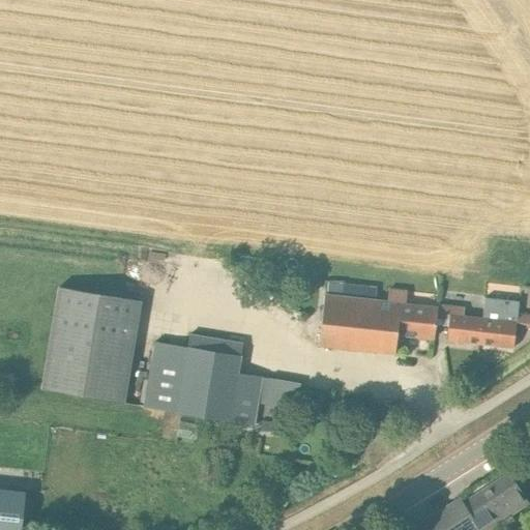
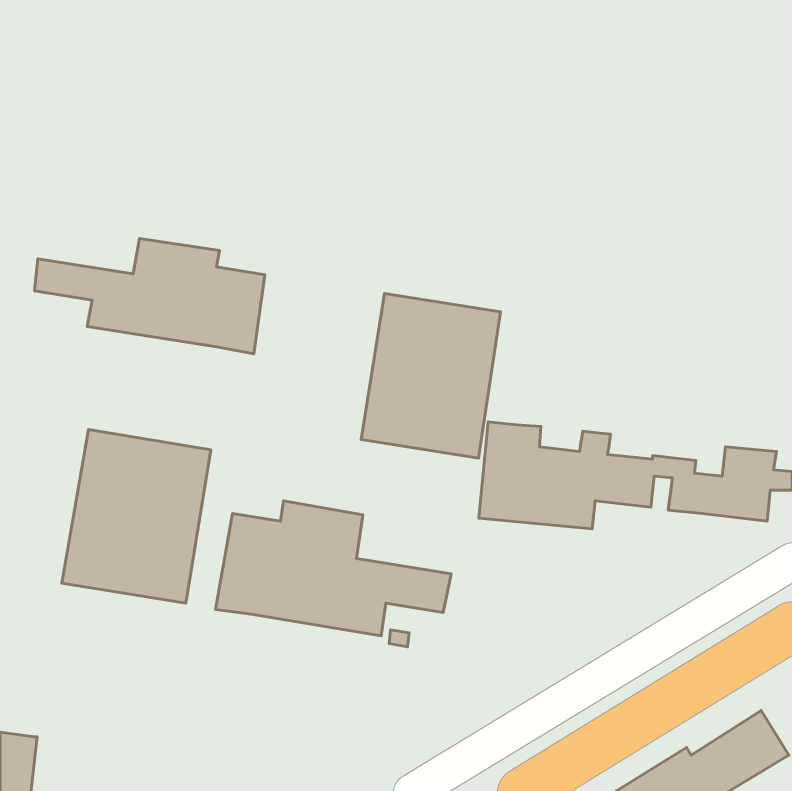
building: none -> [34,239,265,354]
building: none -> [361,294,500,458]

